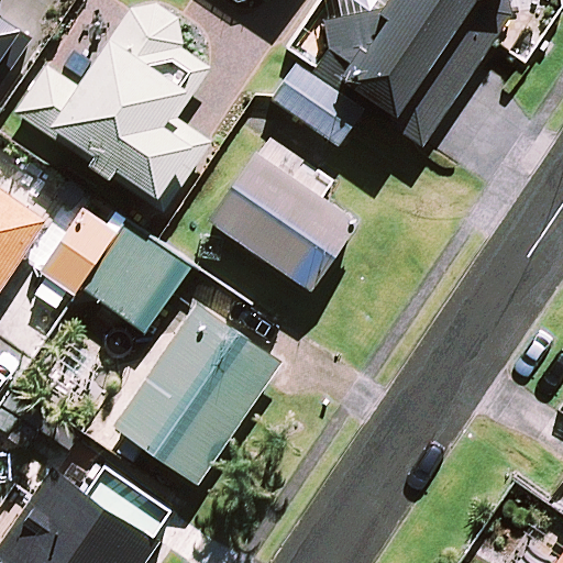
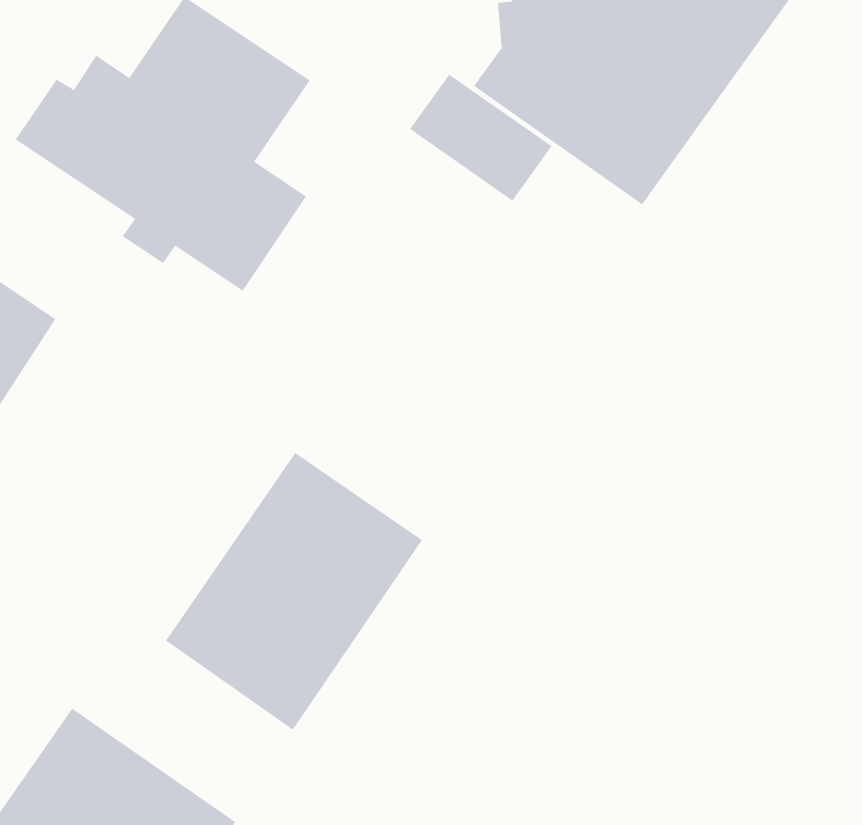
building: [211,151,357,288] -> none
building: [37,207,188,329] -> none

